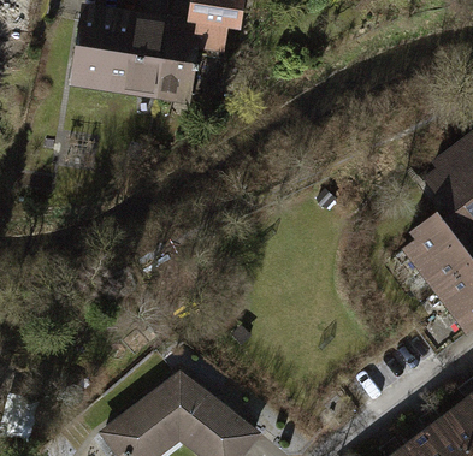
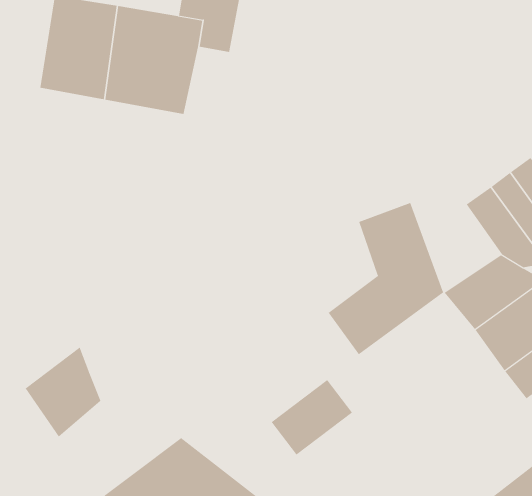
building: none -> [328,202,444,355]
building: none -> [25,347,101,437]
building: none -> [271,379,353,455]

